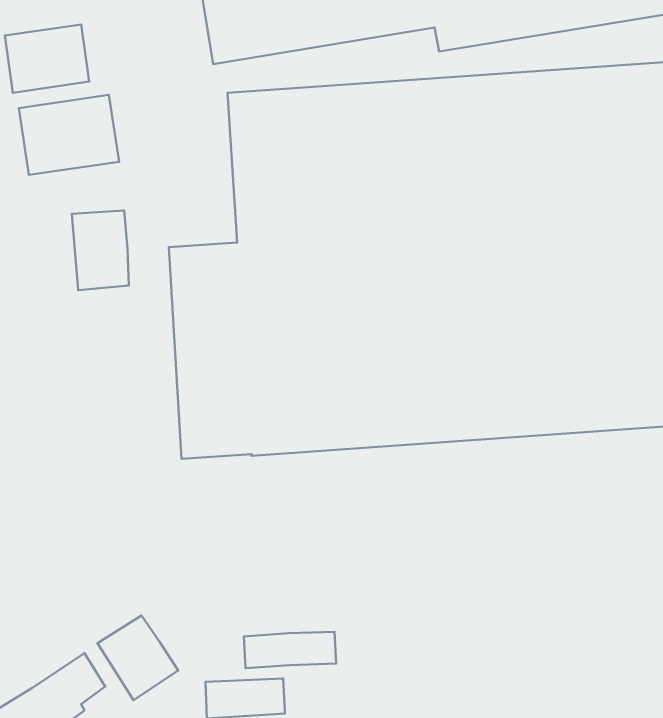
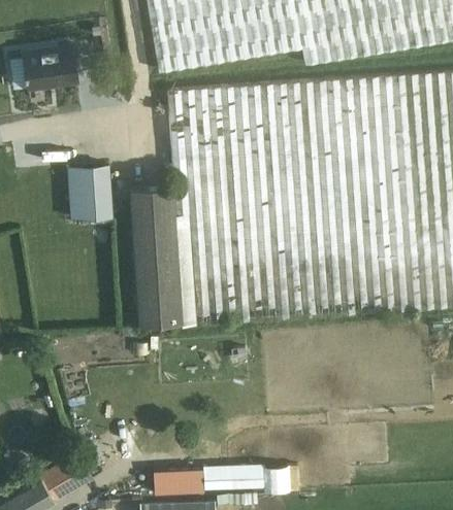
building: [19,95,119,175] -> none
building: [97,616,178,700] -> none
building: [244,632,336,668] -> [204,467,264,490]

